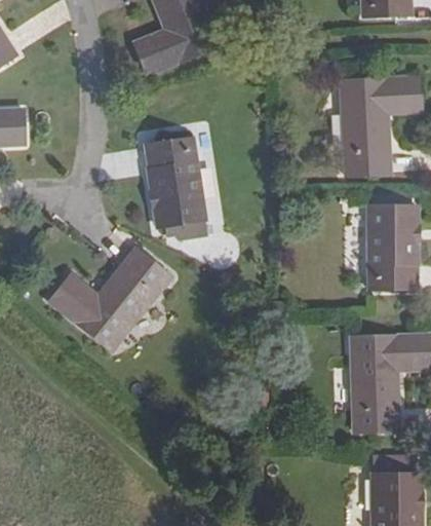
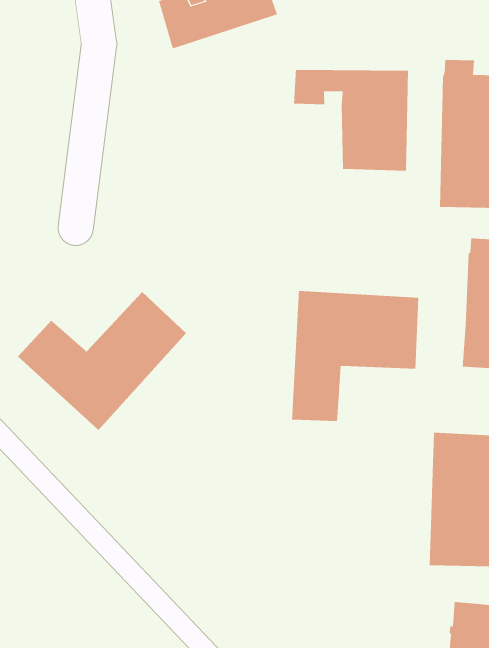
building: none -> [293,69,409,172]
building: [145,139,205,227] -> none
building: none -> [292,290,419,422]

